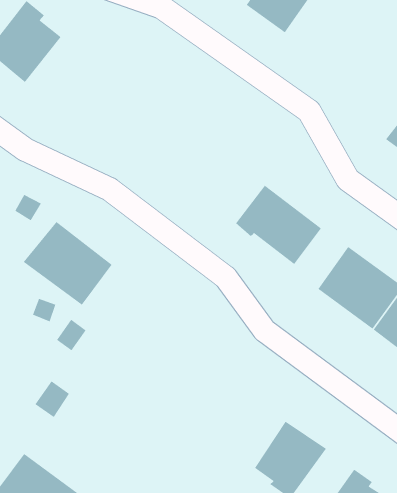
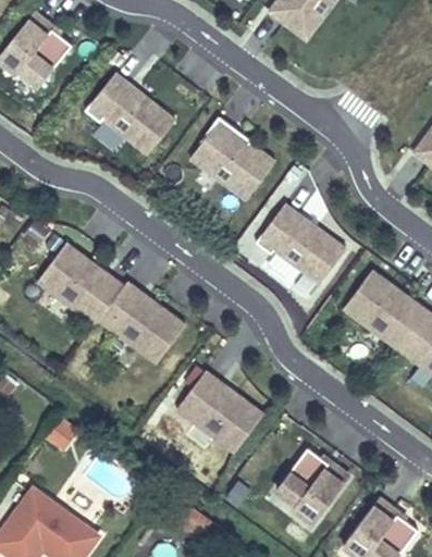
building: none -> [83,71,177,158]
building: none -> [188,117,277,202]
building: none -> [98,280,187,366]
building: none -> [176,371,263,453]

